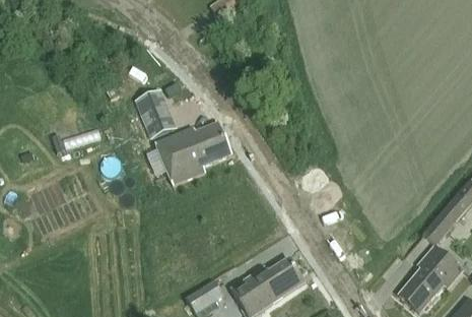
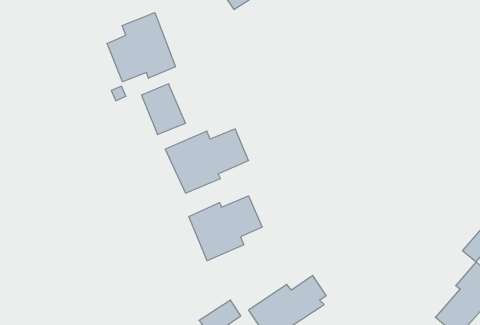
building: none -> [107,13,175,82]
building: none -> [189,196,262,261]

